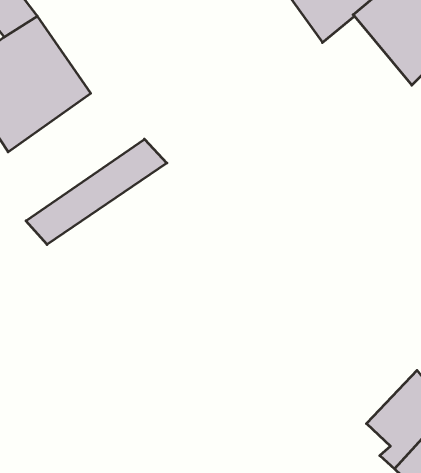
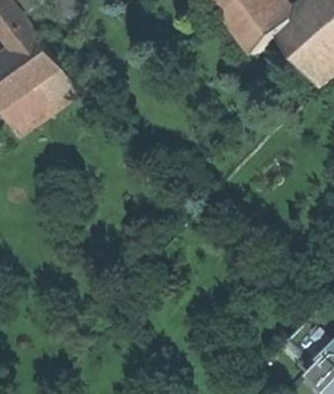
building: [26,139,167,245] -> none

